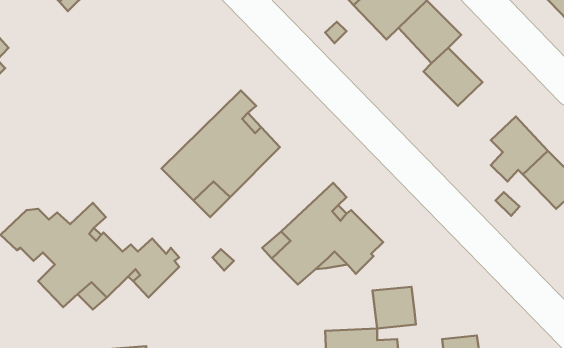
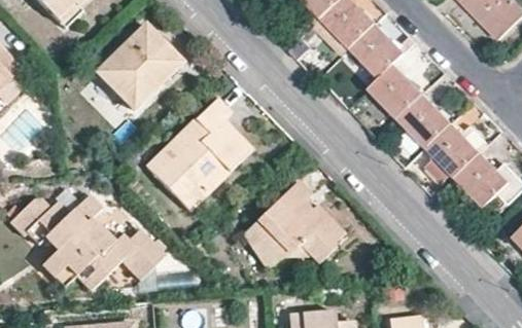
building: none -> [98,28,180,112]
building: none -> [404,94,454,144]
building: [373,287,416,328] -> none

